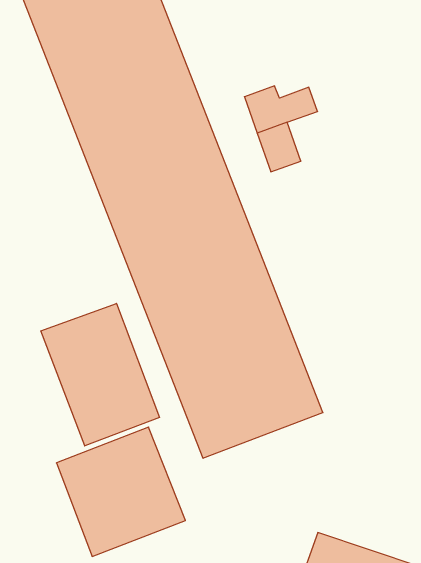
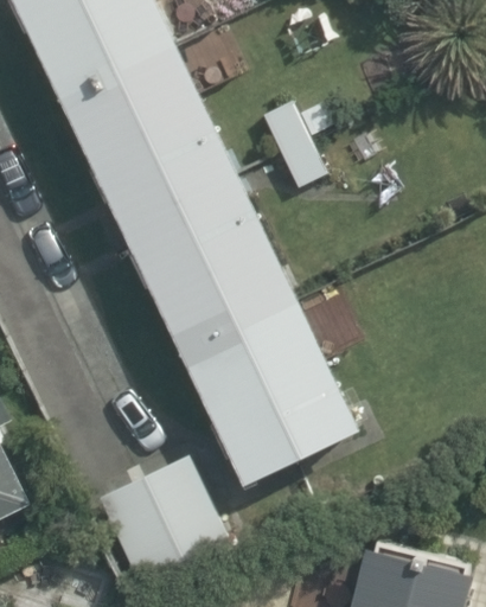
building: [41,303,159,446] -> none

